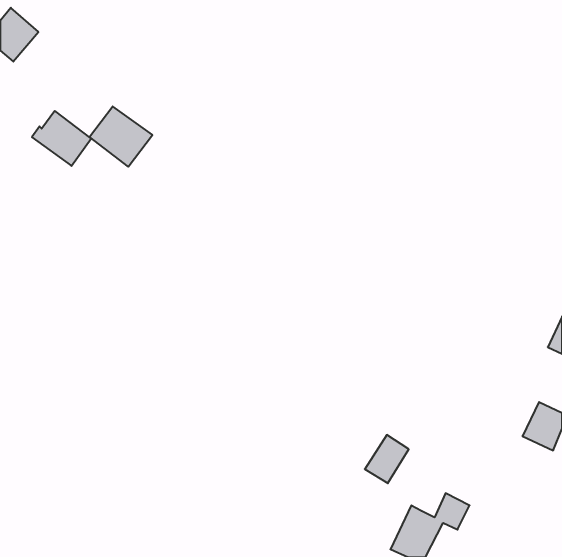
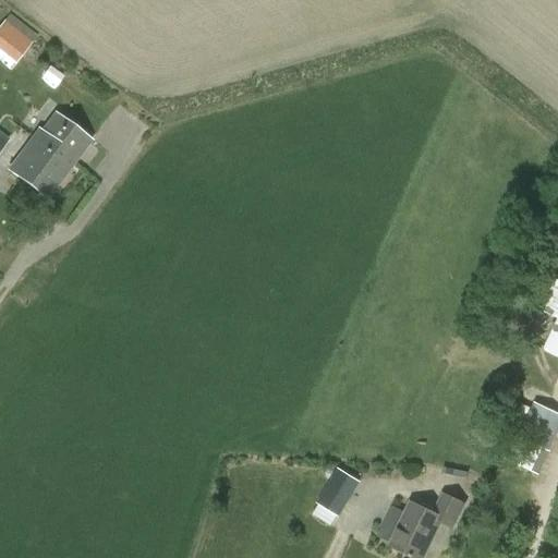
building: [90,106,152,167] -> [9,136,71,196]
building: [365,435,409,483] -> [316,465,360,513]

